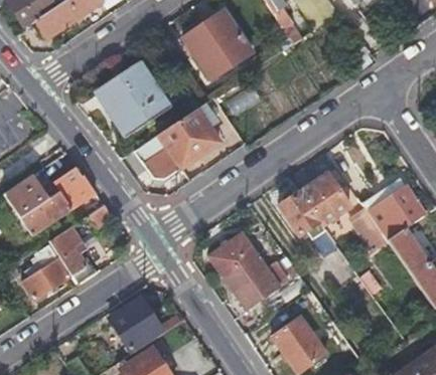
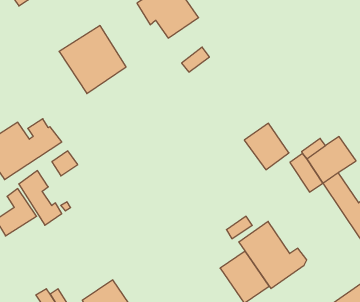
building: [132,109,217,179] -> none
building: [280,190,327,236] -> none
building: [212,233,289,309] -> [239,221,307,289]
building: [113,304,160,351] -> none

